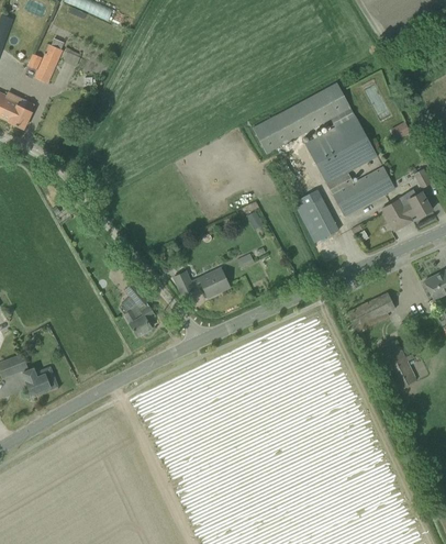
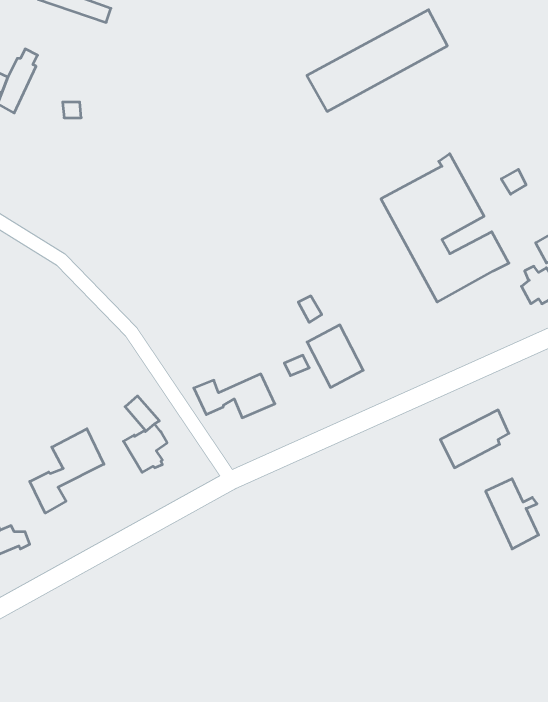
building: [252,82,350,154] -> [307,10,447,111]
building: [298,199,337,243] -> [307,325,363,387]
building: [381,199,410,231] -> none
building: none -> [30,429,104,513]

